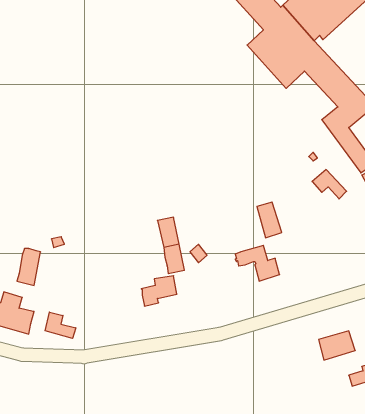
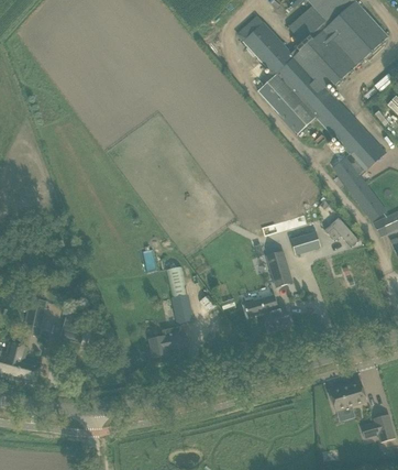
building: none -> [290,230,321,254]
building: [45,312,76,338] -> none

